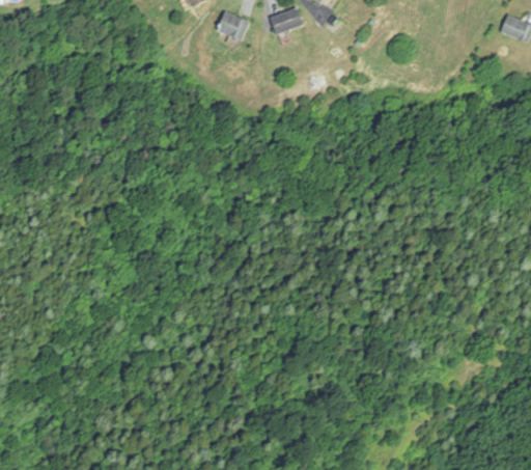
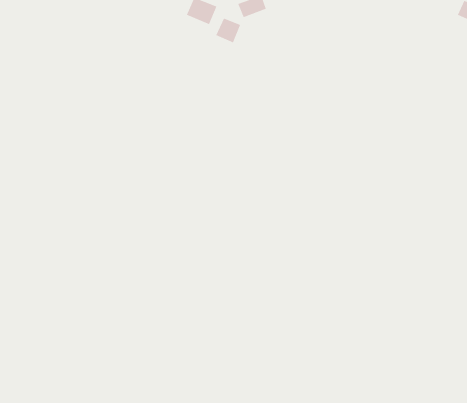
building: none -> [215,17,241,44]

